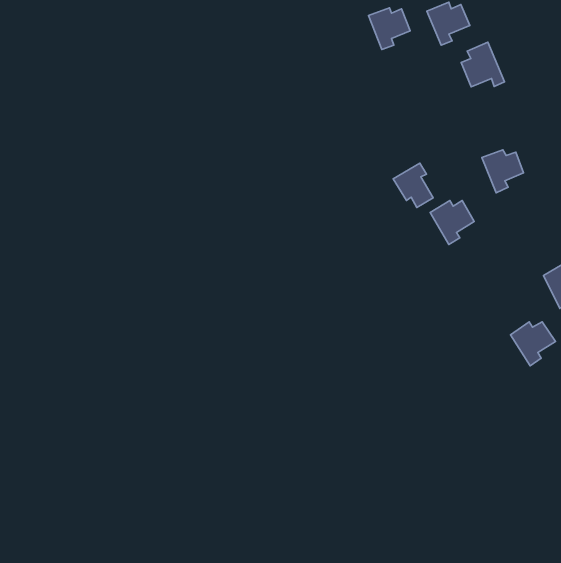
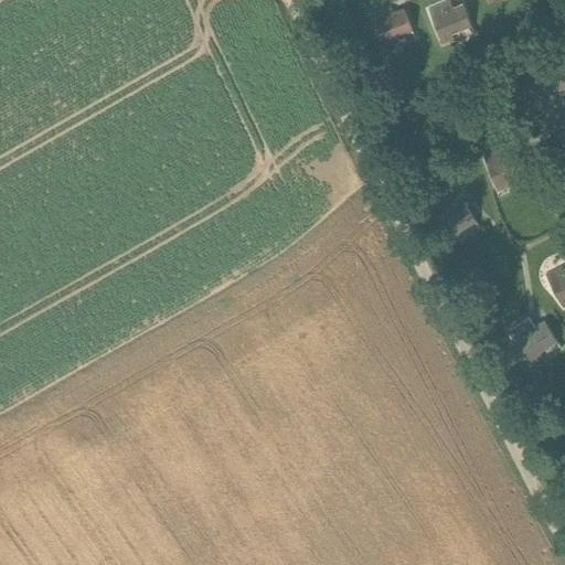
building: [461,42,505,87] -> none
building: [393,163,433,207] -> none

